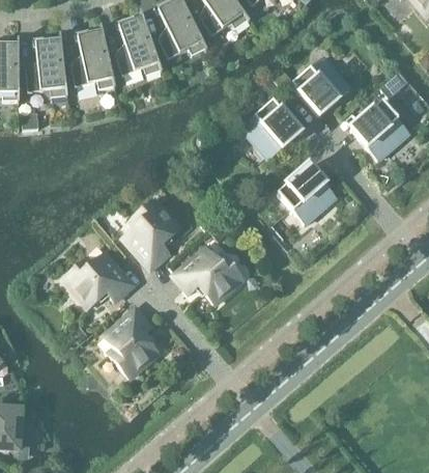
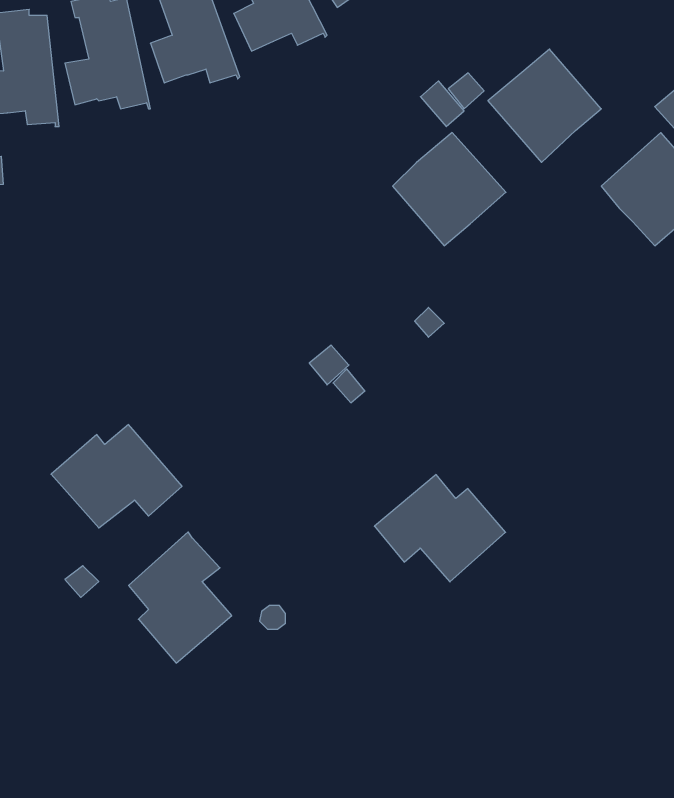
building: [277,164,336,223] -> none
building: [122,199,178,268] -> none
building: [174,247,242,303] -> [374,475,506,582]

